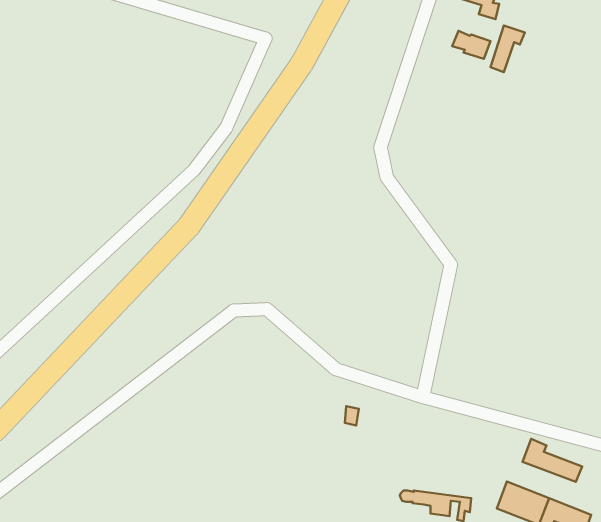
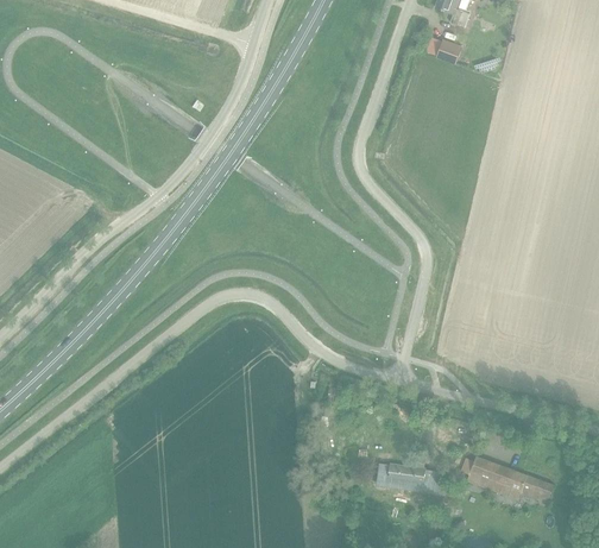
building: [490,25,525,72] -> none
building: [523,439,582,482] -> none

